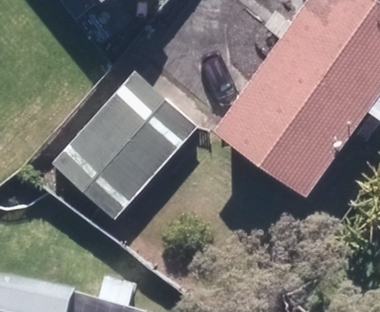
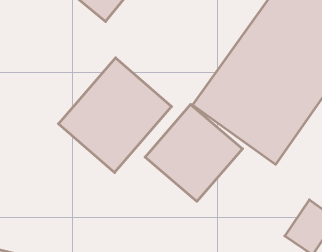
building: none -> [145,104,243,201]

